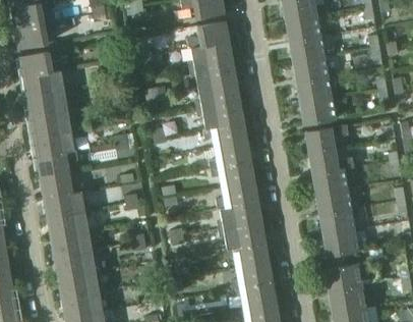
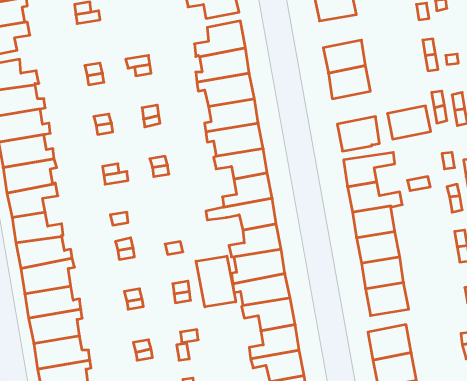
building: [287,14,320,41] -> none
building: [297,75,332,102] -> [387,106,431,139]
building: none -> [196,256,236,307]

